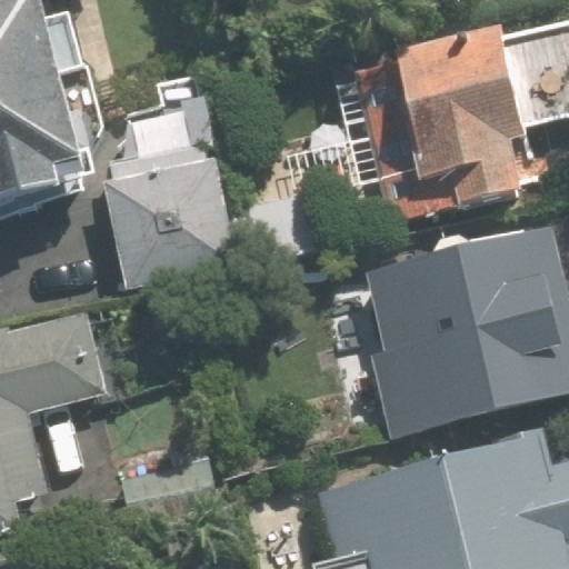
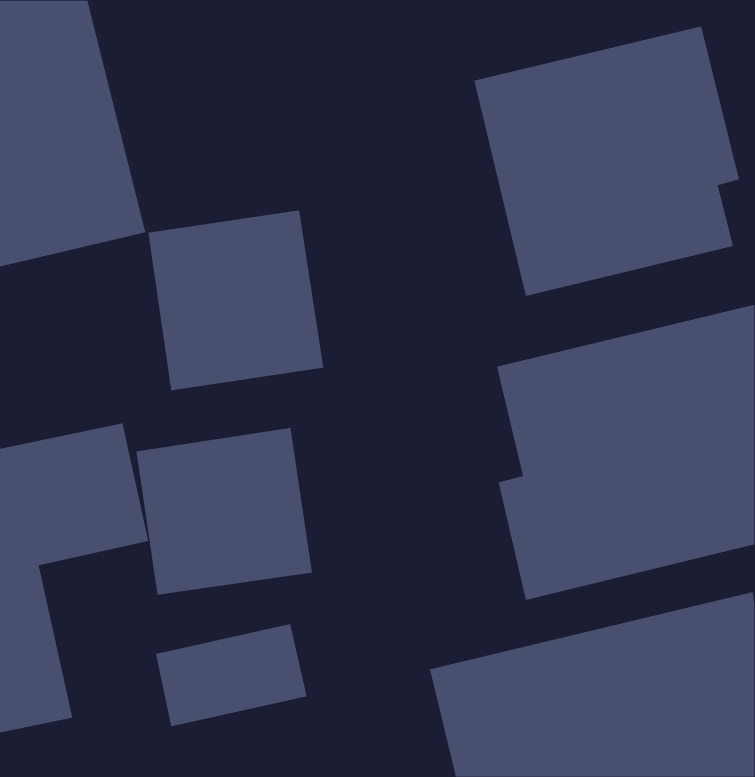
building: none -> [136,427,313,596]

